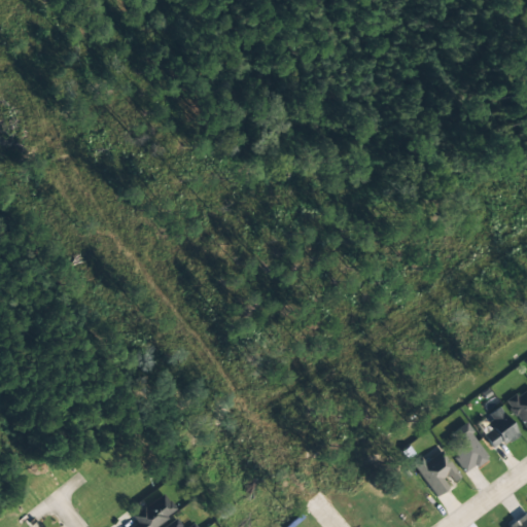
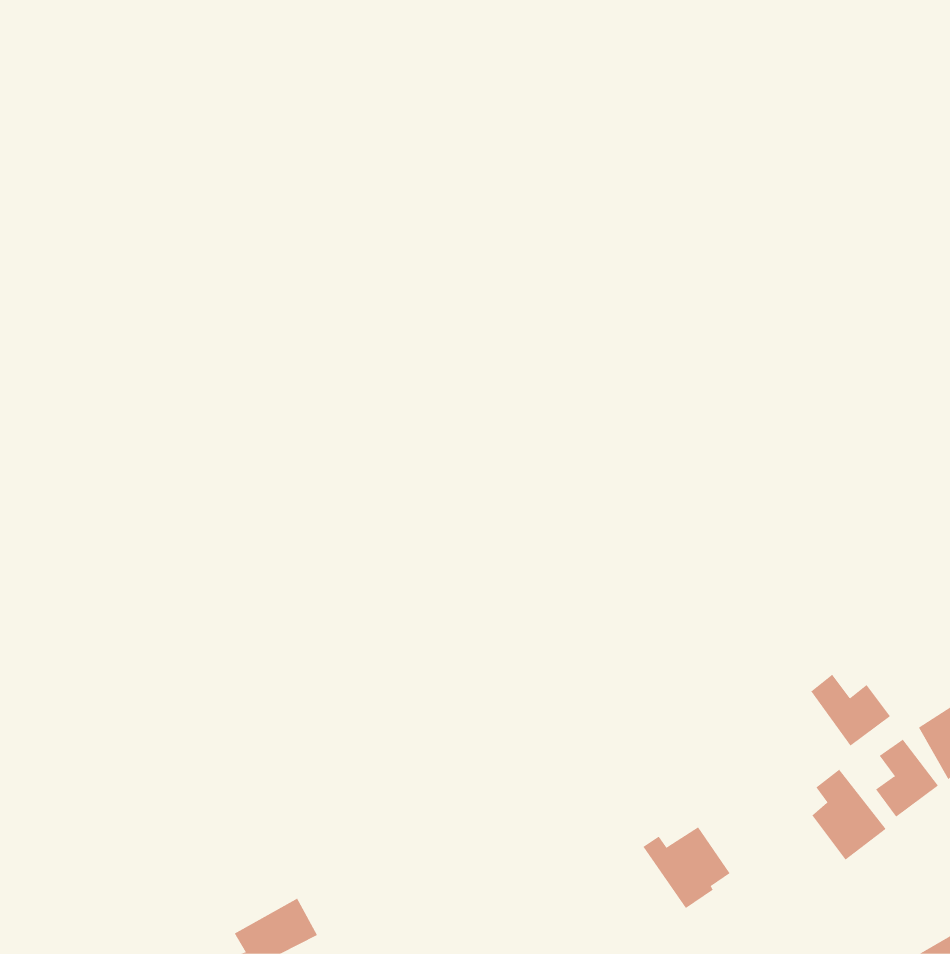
building: none -> [811,674,891,746]
building: [414,451,462,496] -> [642,826,730,909]

